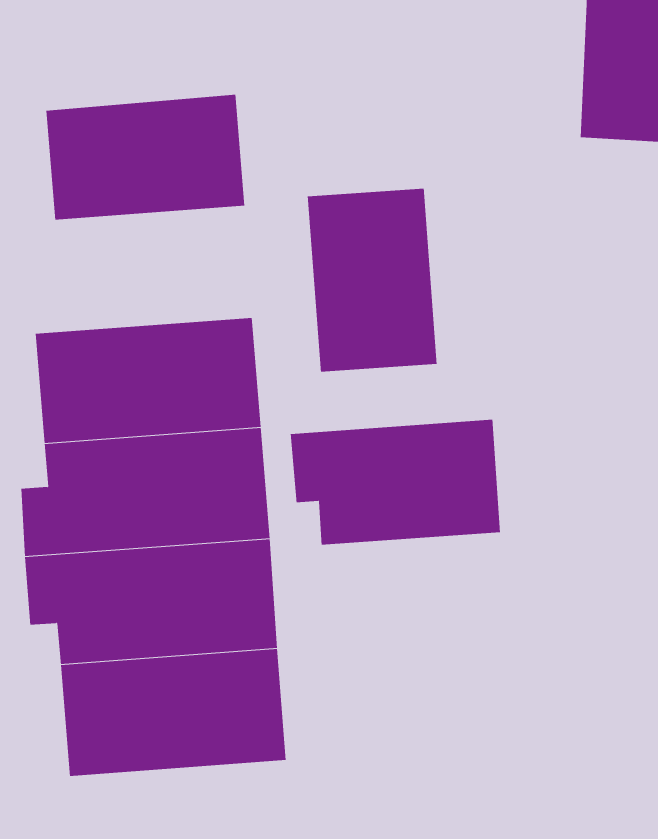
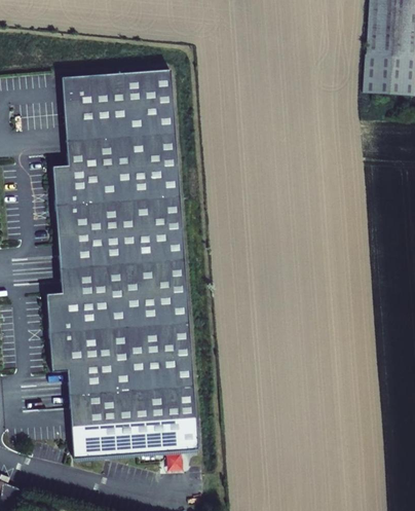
building: [307,188,437,373] -> none
building: none -> [52,132,180,205]
building: [290,419,500,546] -> none

